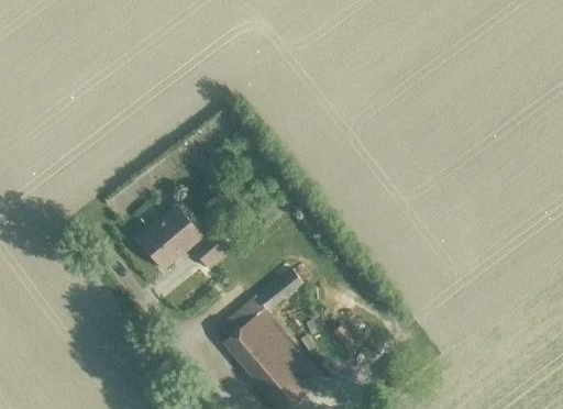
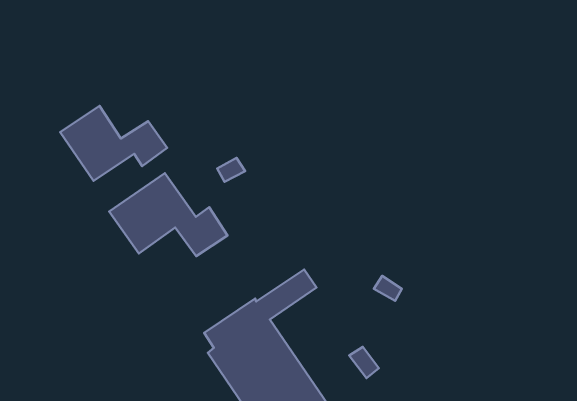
building: none -> [60,106,167,181]

